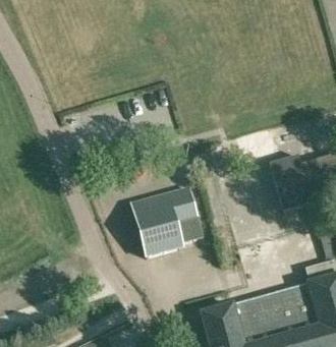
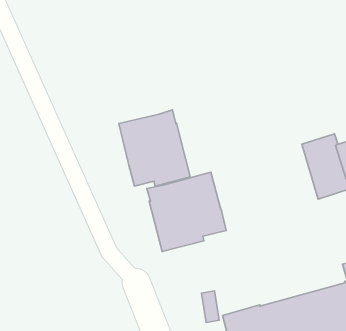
building: none -> [119,110,190,186]

